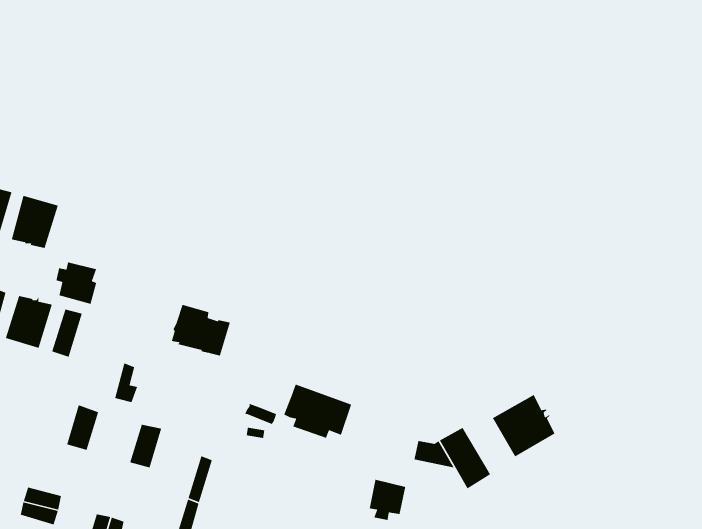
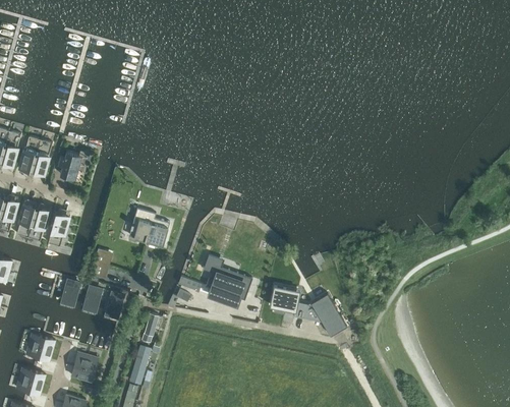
building: [55,261,97,305] -> [57,152,86,181]
building: [492,394,555,458] -> none
building: none -> [78,285,102,317]
building: [369,479,406,521] -> [270,286,295,314]

